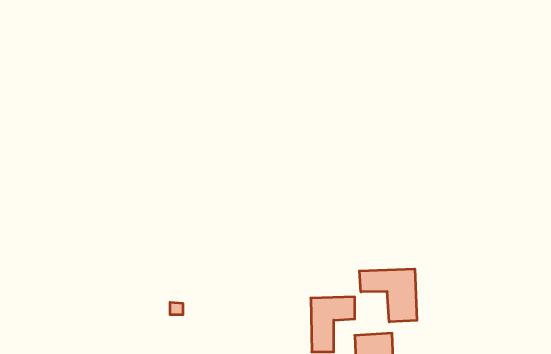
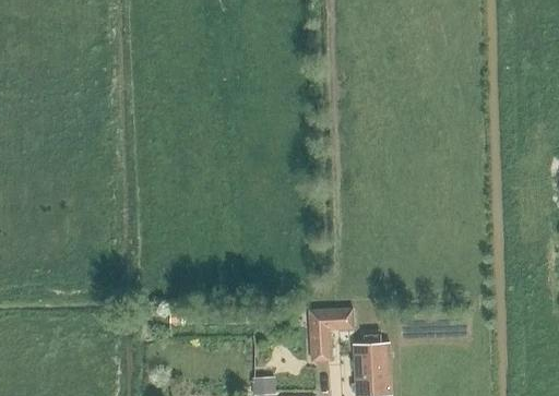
building: [359,269,417,322] -> none

